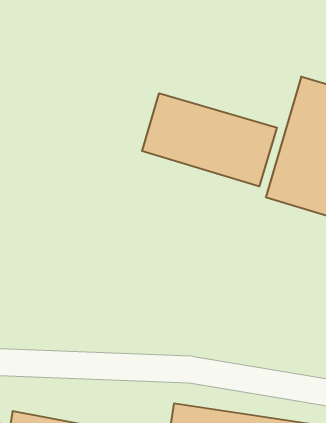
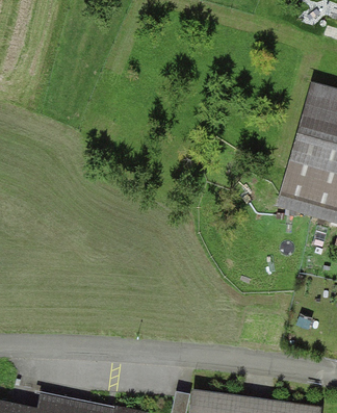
building: [142,93,277,186] -> none

